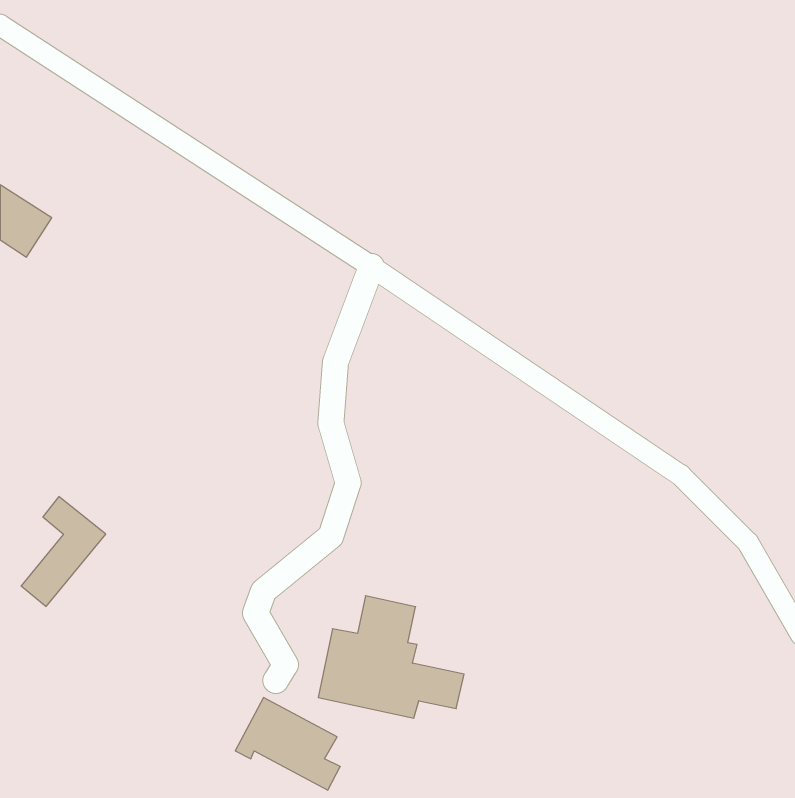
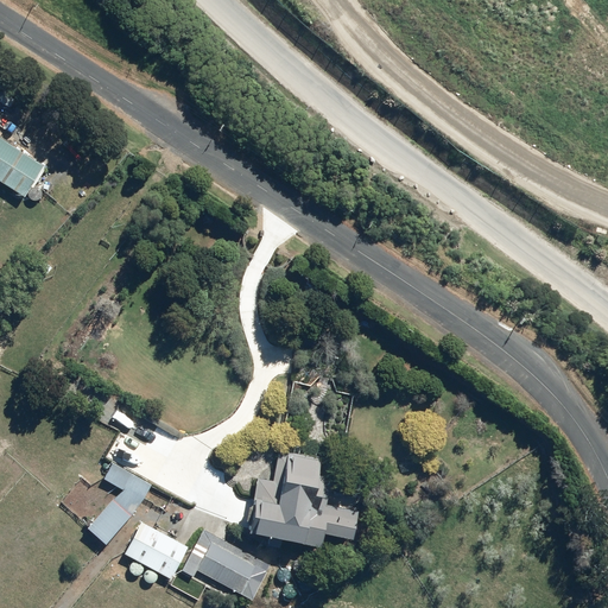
building: [21,497,106,606] -> [88,462,152,545]
building: none -> [126,525,188,580]

